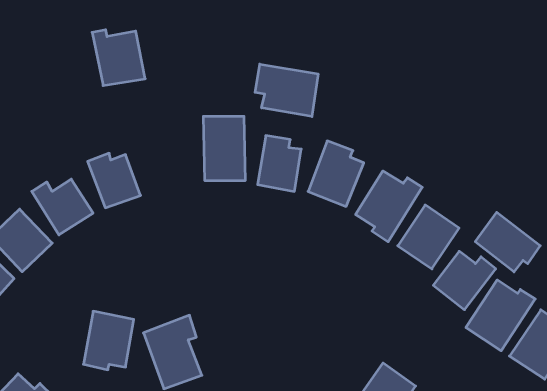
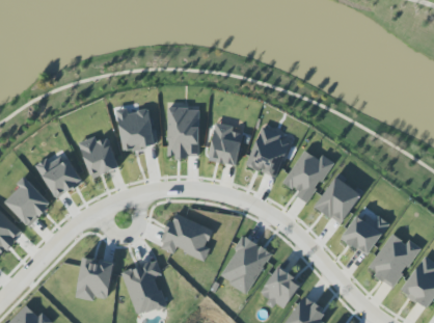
building: [92,30,145,86] -> [116,107,157,150]
building: [255,64,318,117] -> none
building: [475,212,540,272] -> none
building: none -> [159,213,214,260]
building: none -> [220,235,272,293]
building: none -> [261,265,302,307]

